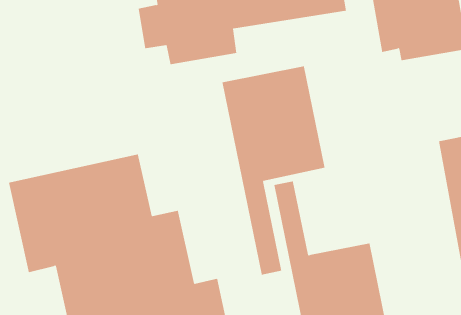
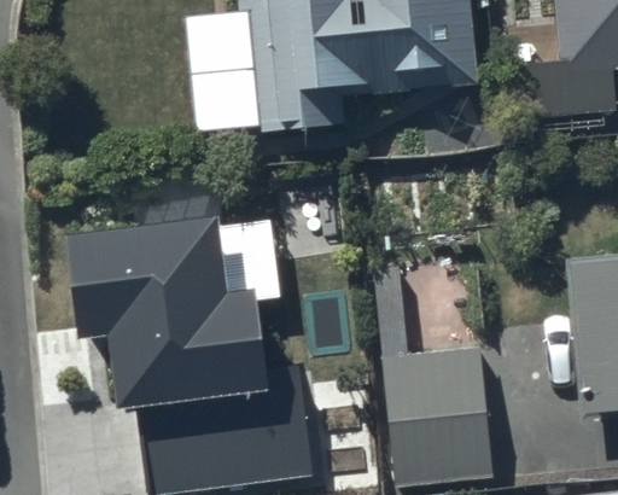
building: [222,66,325,275] -> none

